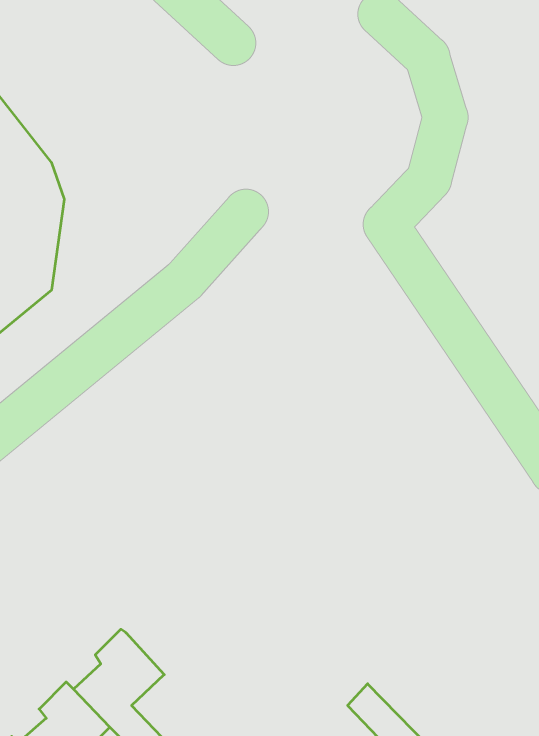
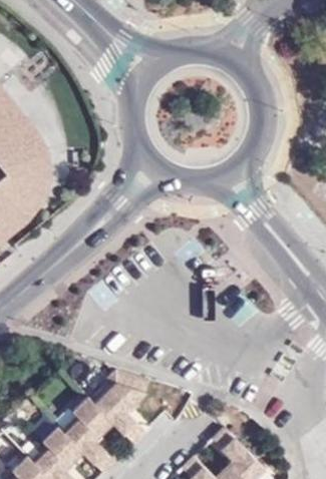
building: none -> [84,367,141,440]

